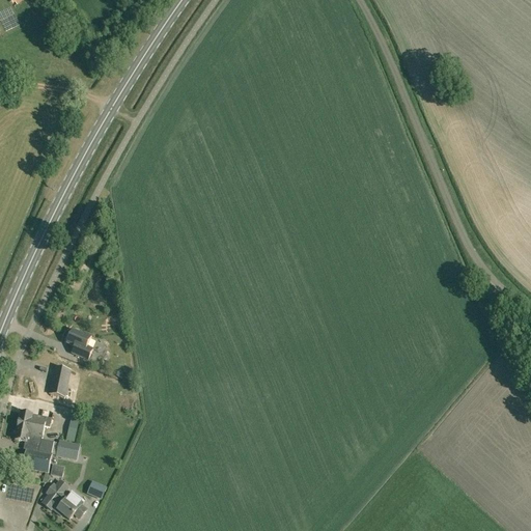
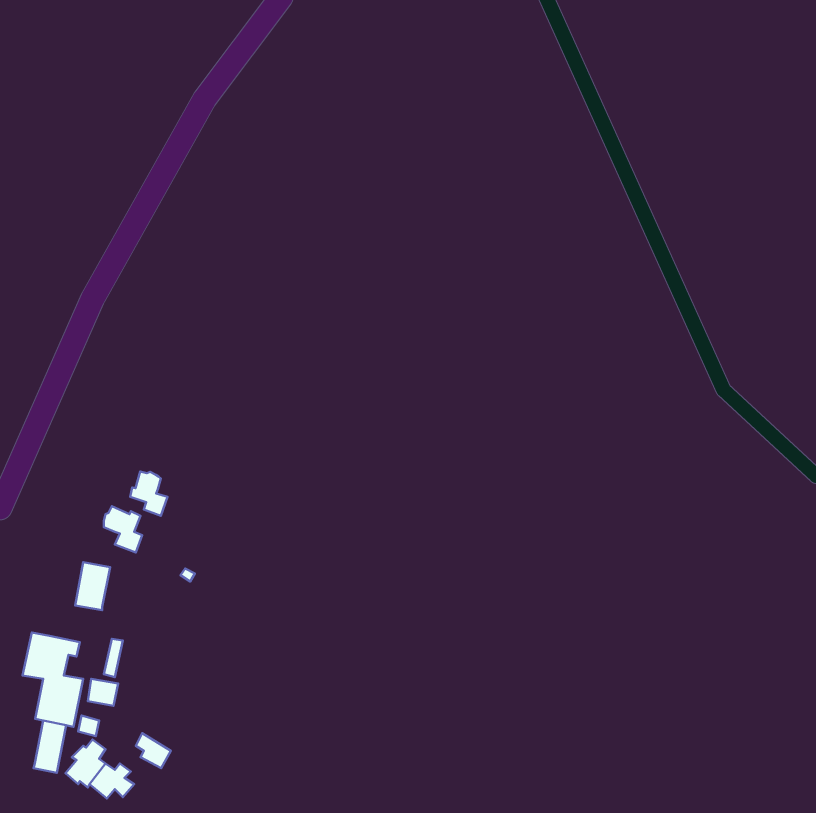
building: none -> [130,471,167,516]
building: none -> [33,720,66,773]

